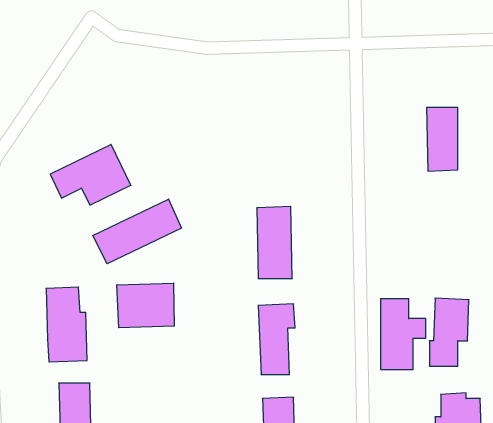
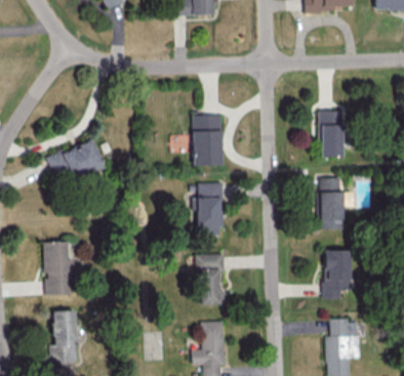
building: none -> [192,115,221,165]
building: [93,199,182,264] -> none
building: [117,283,174,328] -> none
building: [381,299,426,369] -> [320,177,353,228]

